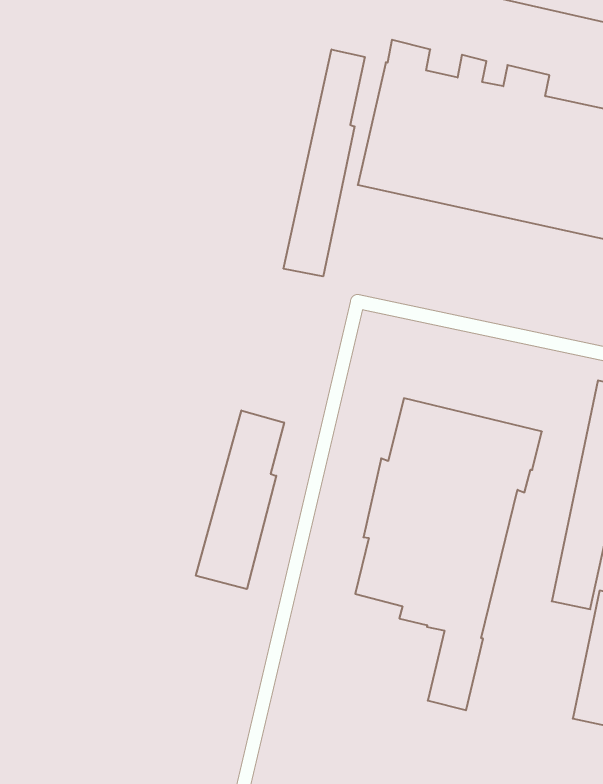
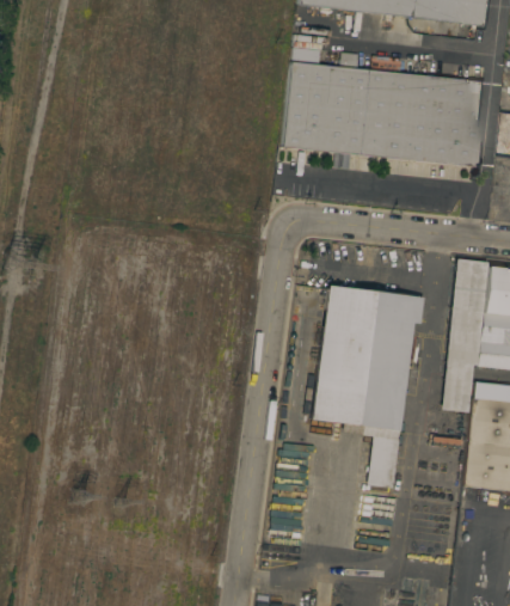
building: [284,49,365,276] -> none
building: [196,410,284,589] -> none

